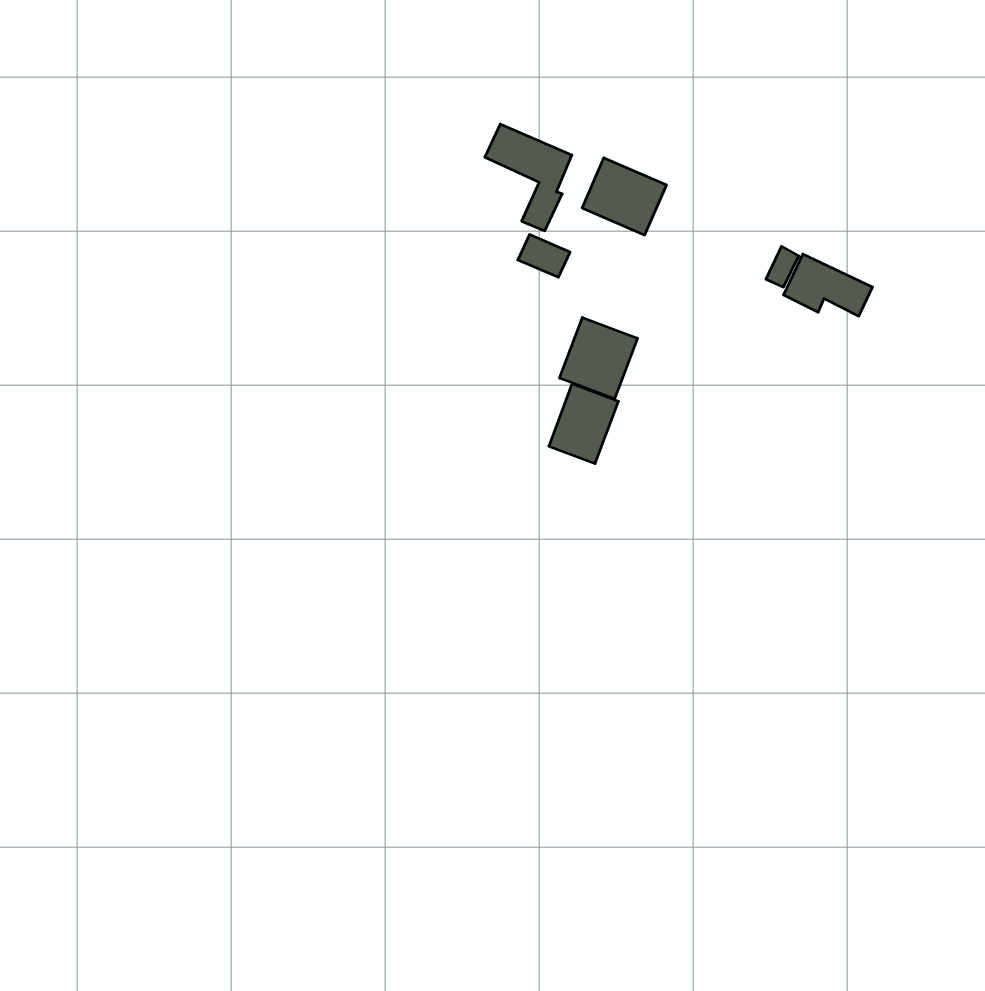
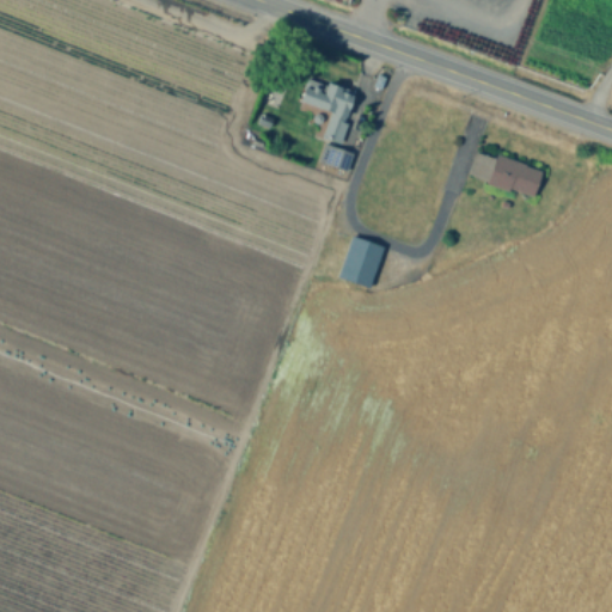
building: [582,158,666,235] -> none
building: [560,317,637,399] -> none

